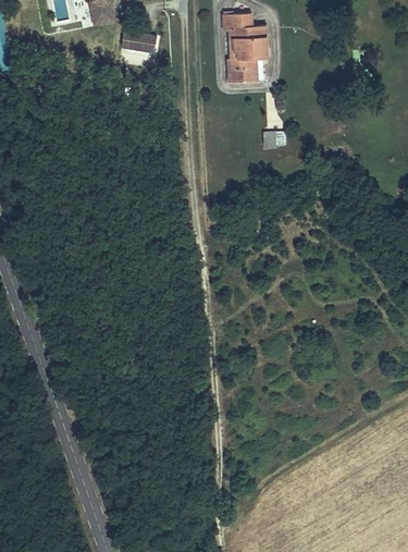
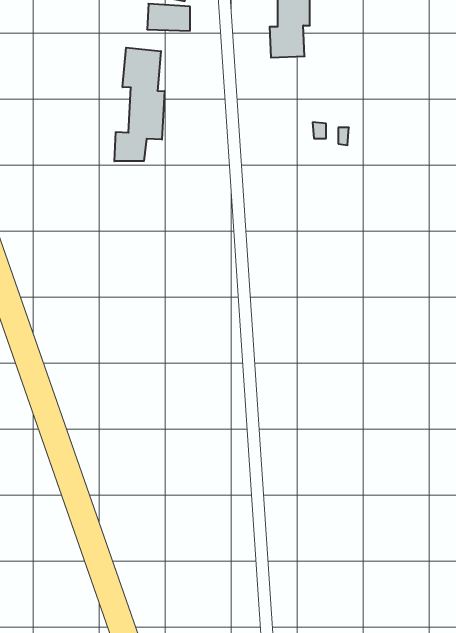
building: none -> [114,48,164,161]

